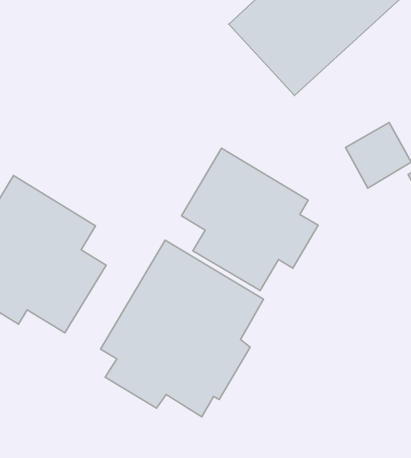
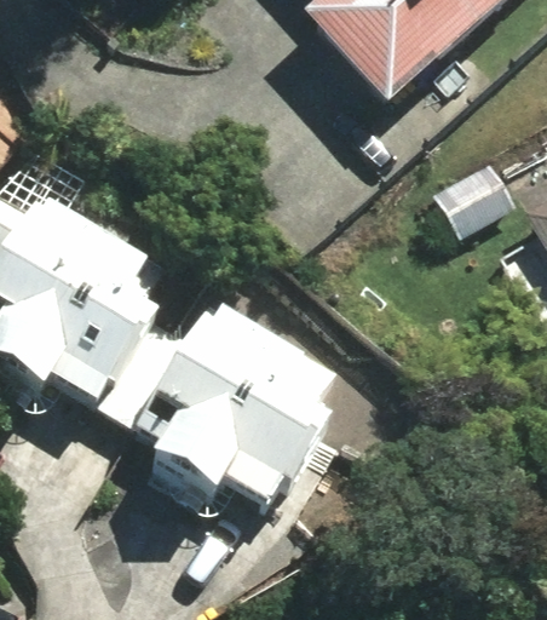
building: [181,148,318,291] -> none

